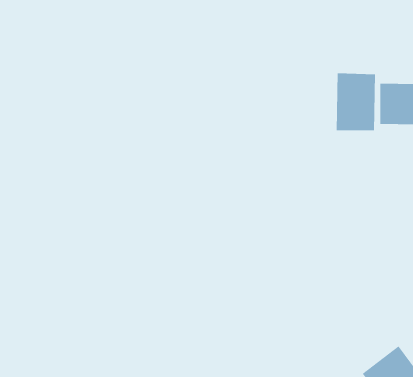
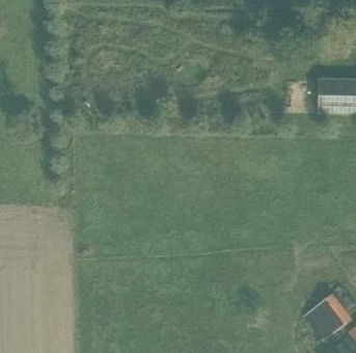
building: [336,73,375,131] -> none

